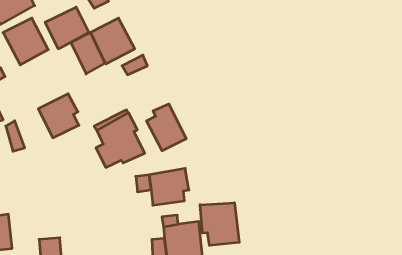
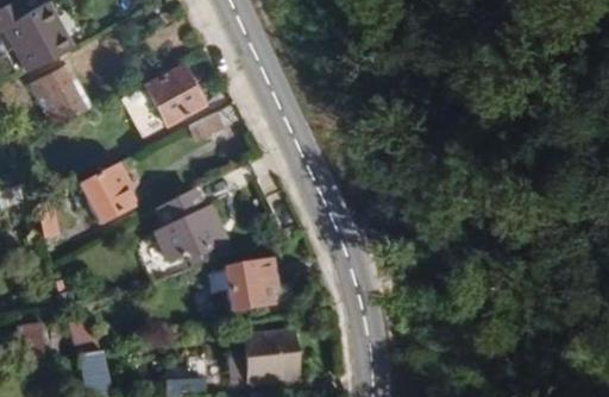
building: [45,7,89,49] -> none
building: [147,104,186,151] -> none
building: [200,203,239,245] -> none

